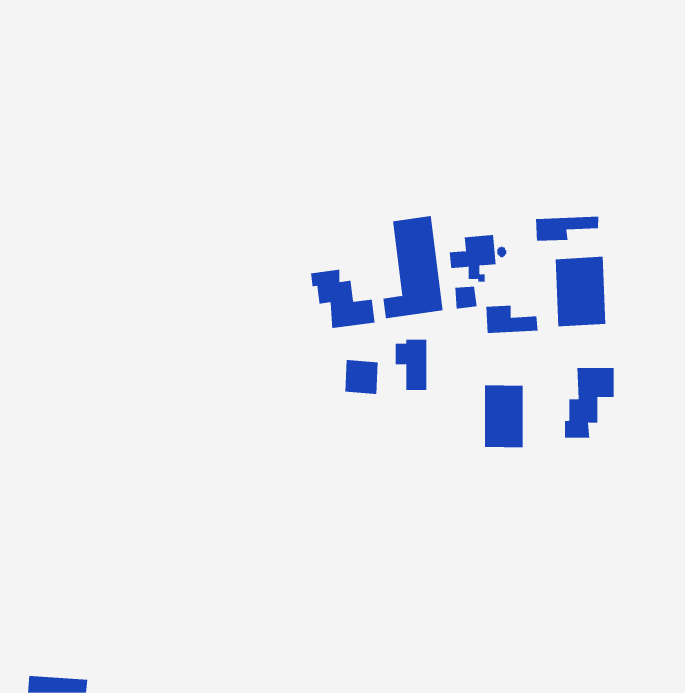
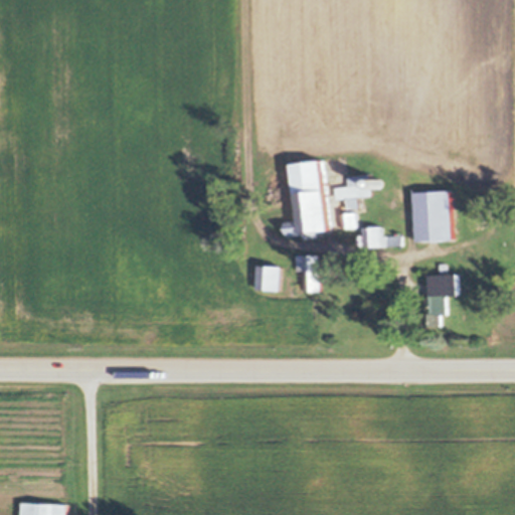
building: [535,216,599,242] -> none
building: [310,269,375,329] -> none
building: [484,385,523,448] -> none

